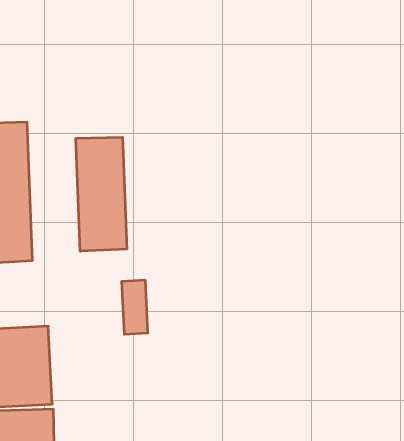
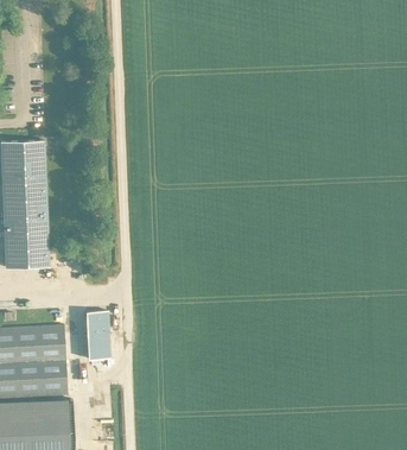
building: [76,137,127,251] -> none
building: [122,280,148,334] -> [85,310,109,359]

